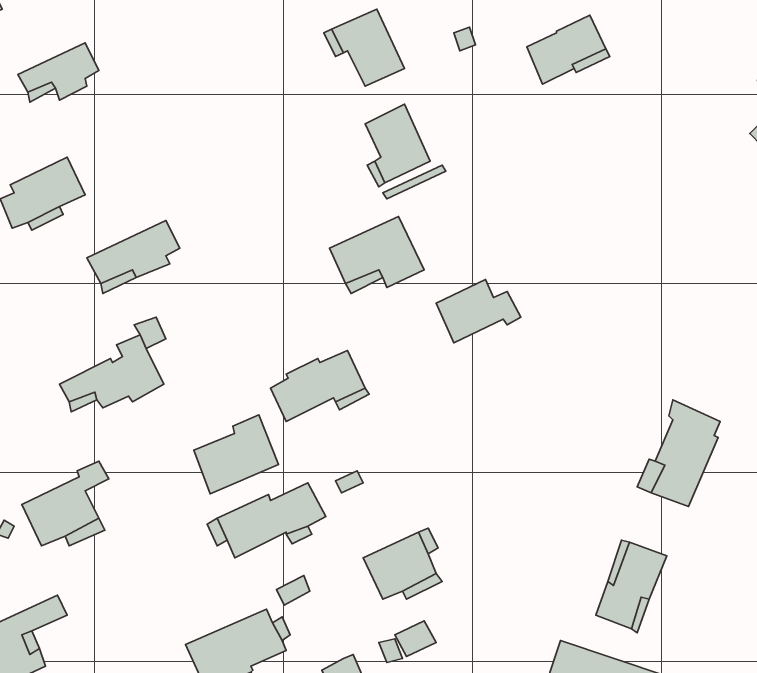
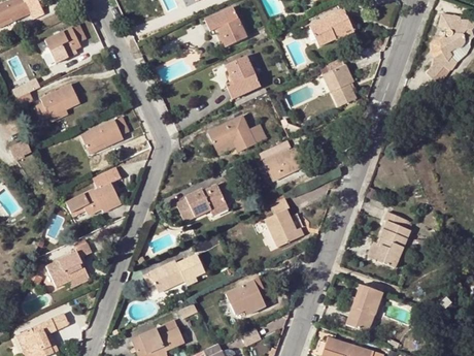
building: none -> [323,57,356,106]
building: none -> [261,198,304,247]
building: [194,415,279,494] -> none

